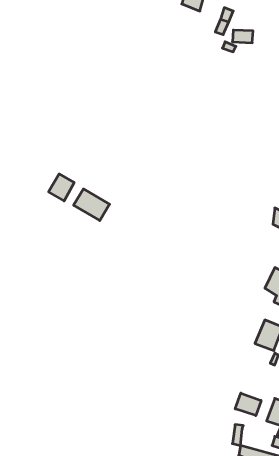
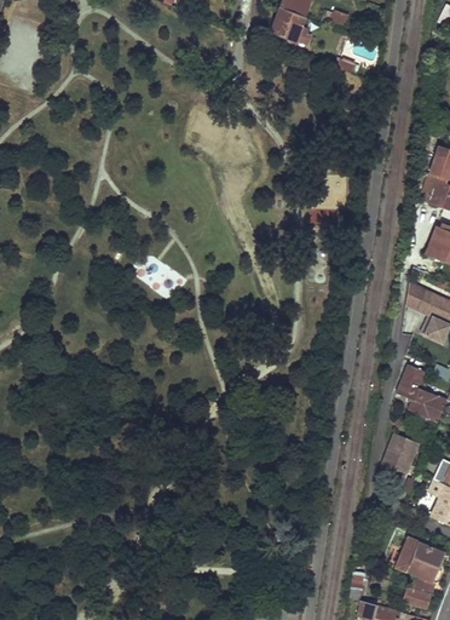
building: none -> [276,8,315,47]
building: [49,174,74,201] -> none
building: [235,393,261,416] -> none

